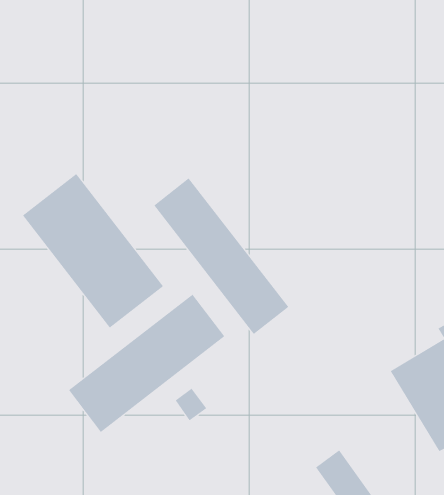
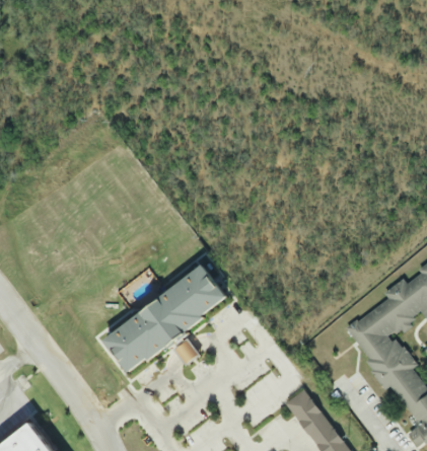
building: [22,173,164,329] -> none
building: [153,177,289,335] -> none

